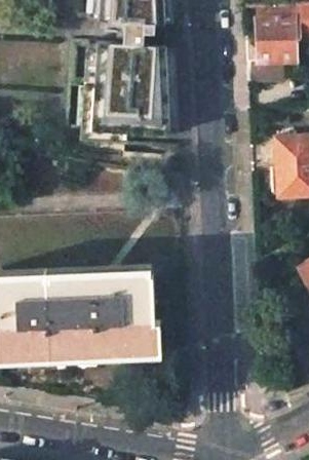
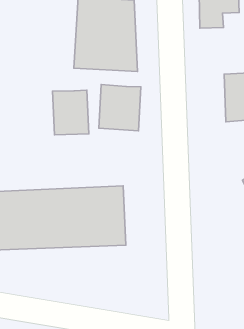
building: none -> [99,84,141,131]
building: none -> [53,90,89,135]

